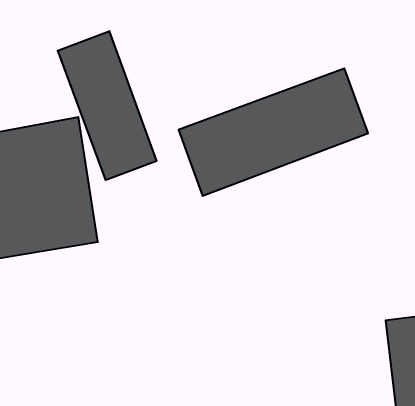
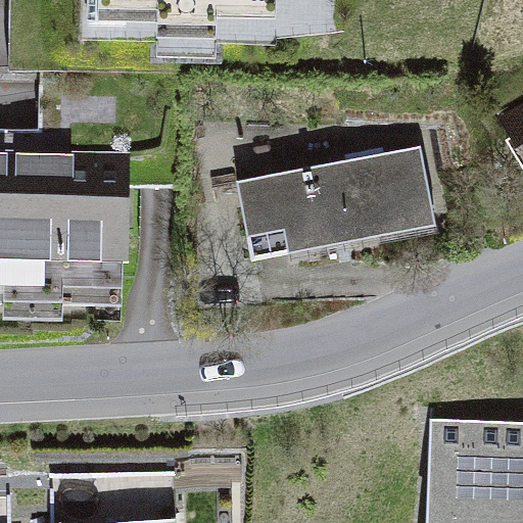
building: [58,31,157,180] -> none

